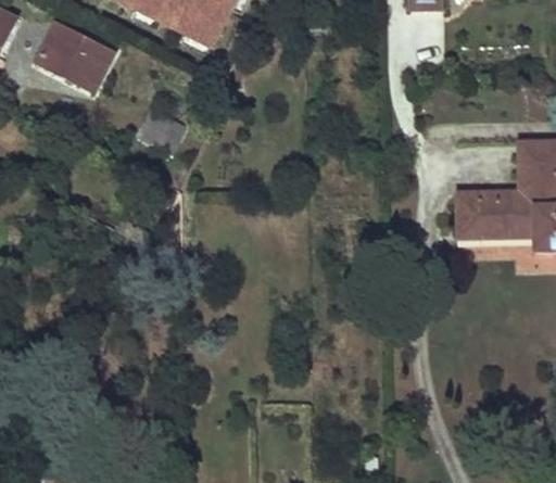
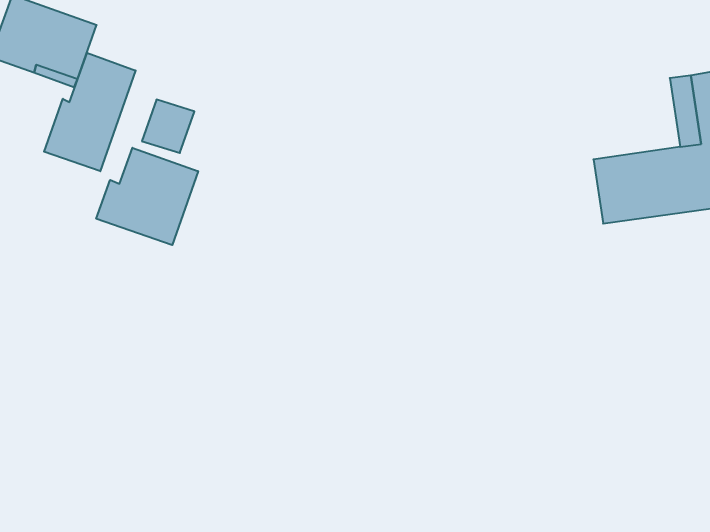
building: none -> [44,53,136,171]
building: none -> [96,148,198,245]

